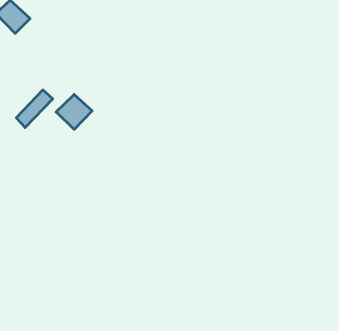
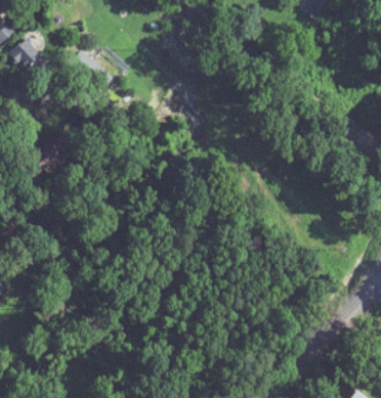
building: [56,94,92,129] -> none

